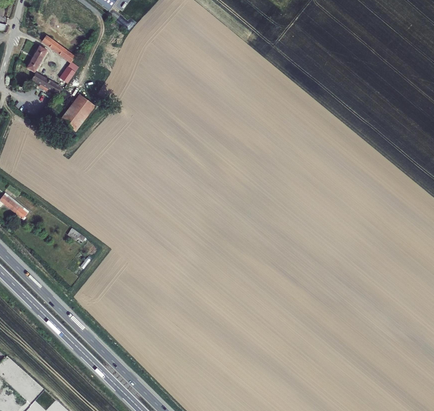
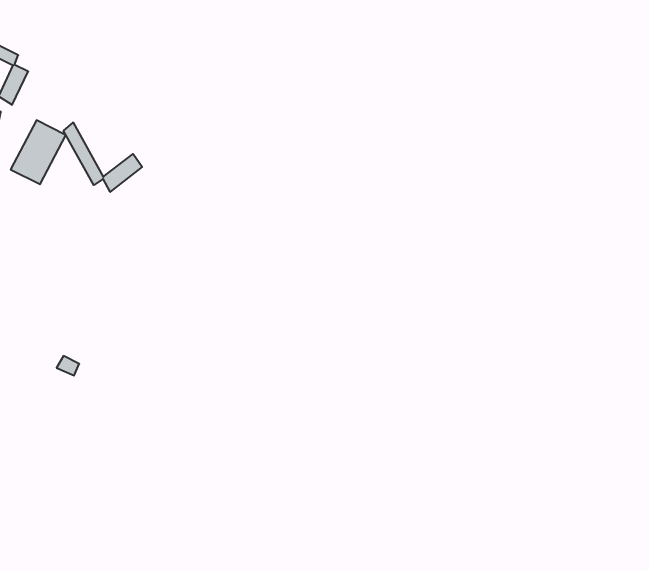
building: none -> [64,122,142,192]

